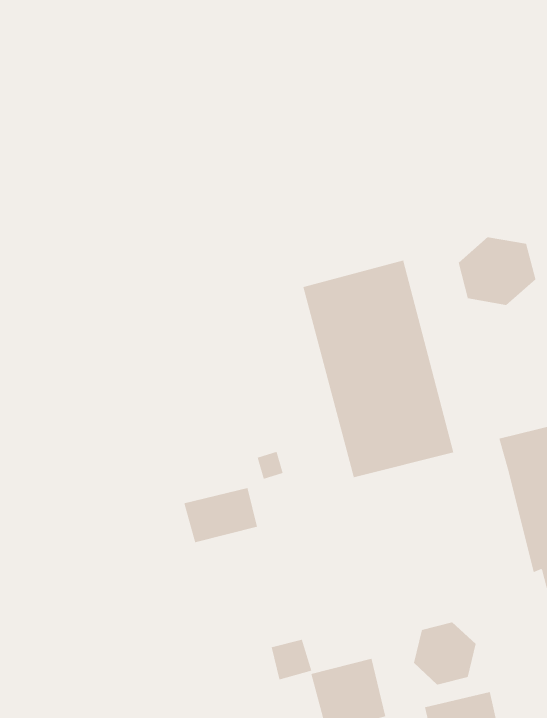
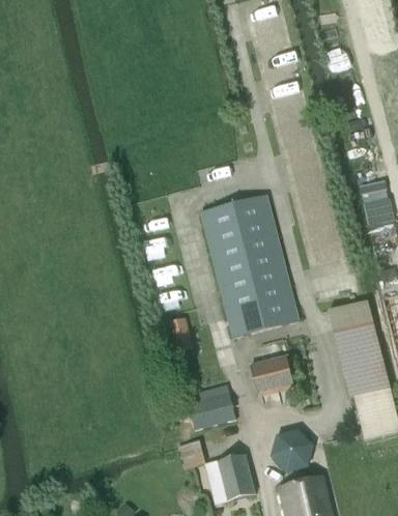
building: [458,236,536,306] -> none
building: [183,487,258,543] -> [187,393,235,429]
building: none -> [250,355,293,395]

